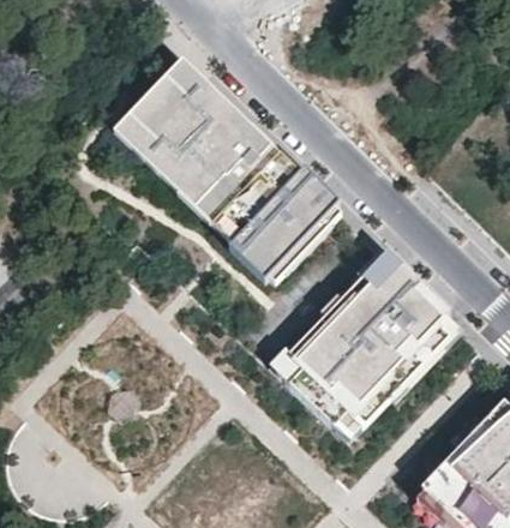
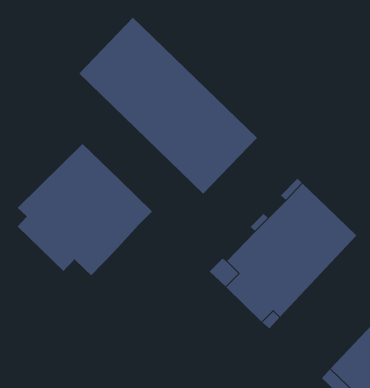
building: none -> [17,143,153,276]

